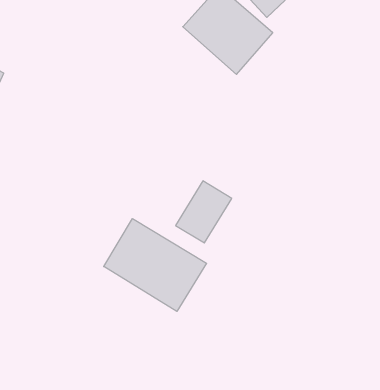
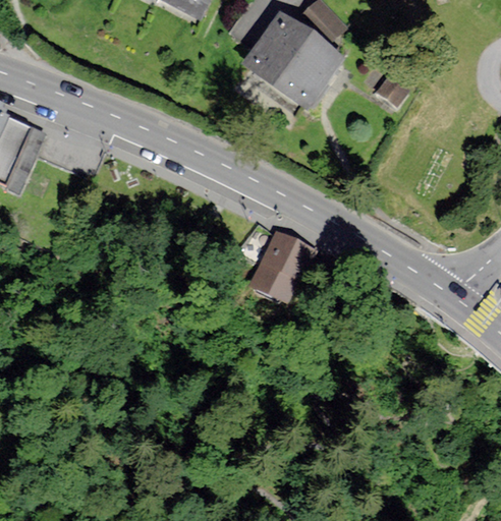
building: [104,219,207,311] -> none

